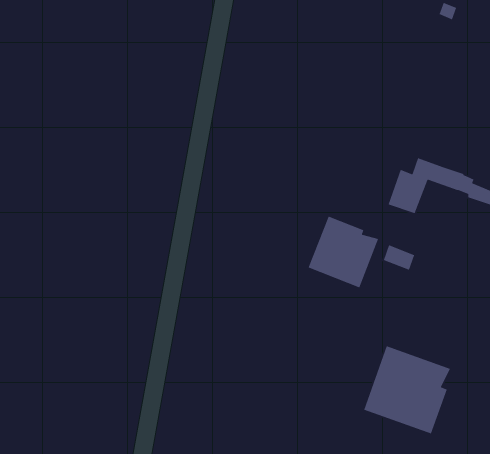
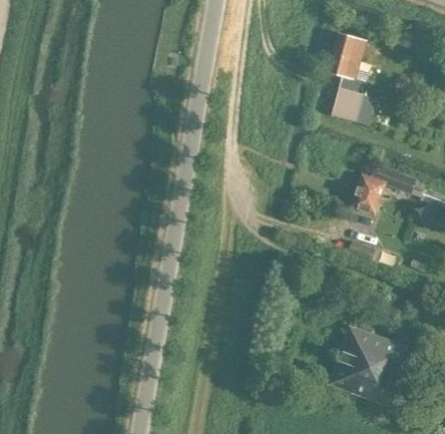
building: none -> [327,33,368,121]
building: [308,216,379,288] -> none

